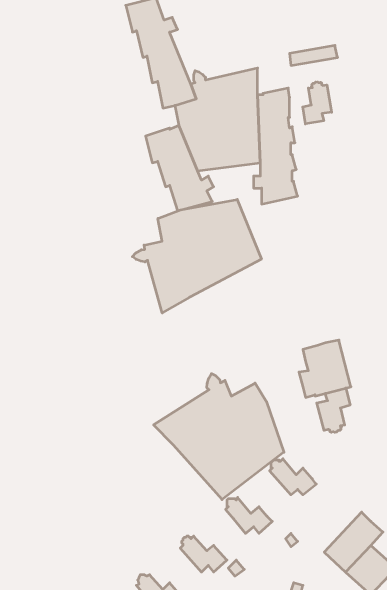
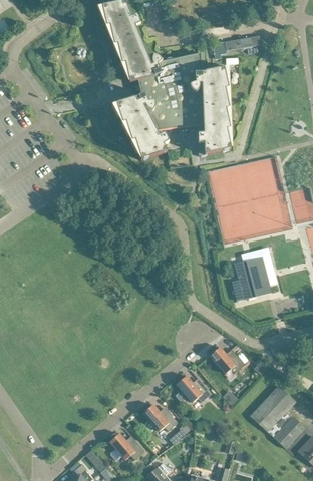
building: [303,82,332,124] -> none
building: [132,199,261,313] -> none
building: [154,374,284,500] -> none
building: [317,388,350,432] -> none

